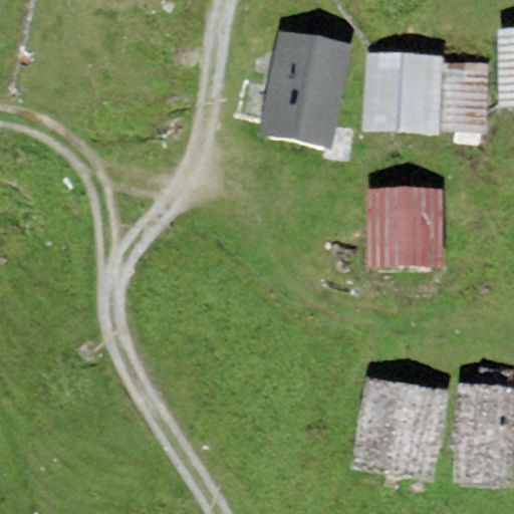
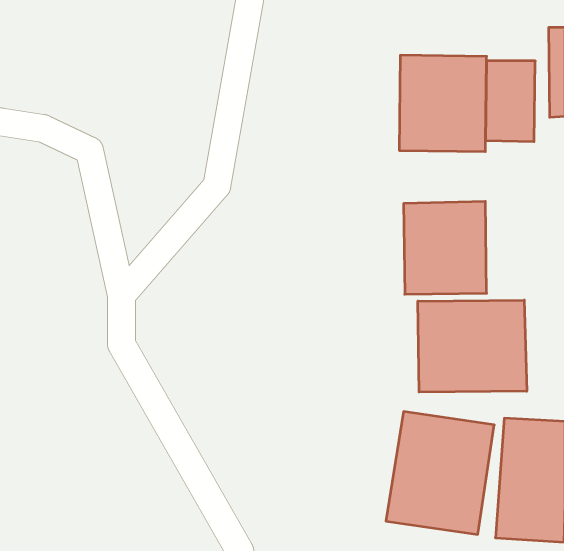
building: [258,29,351,156] -> none
building: none -> [418,300,527,392]

